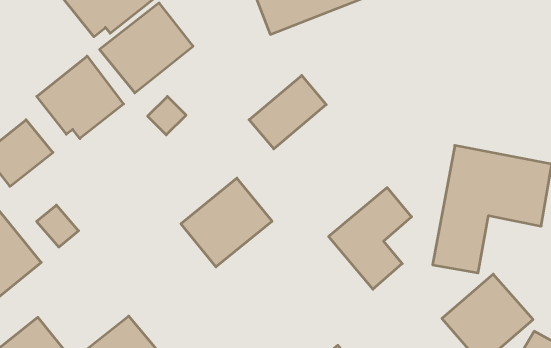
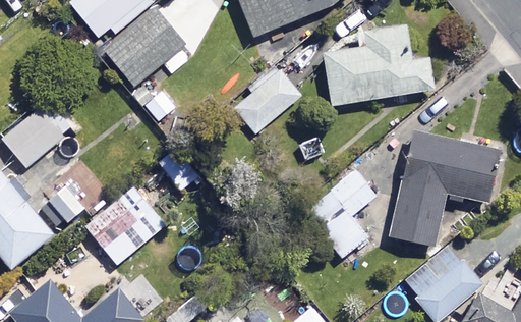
building: none -> [323,28,433,107]
building: [37,56,124,139] -> none
building: [181,178,272,267] -> [86,187,166,265]

